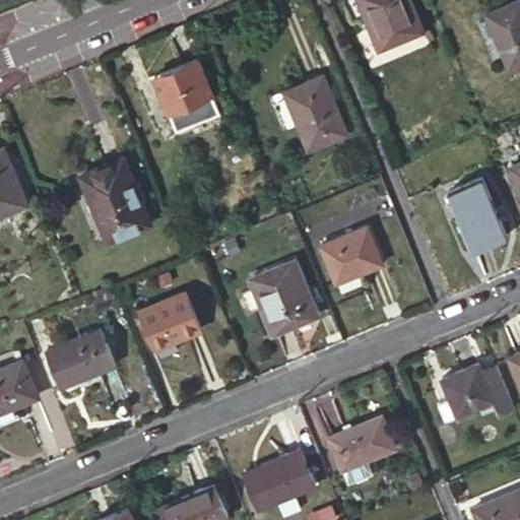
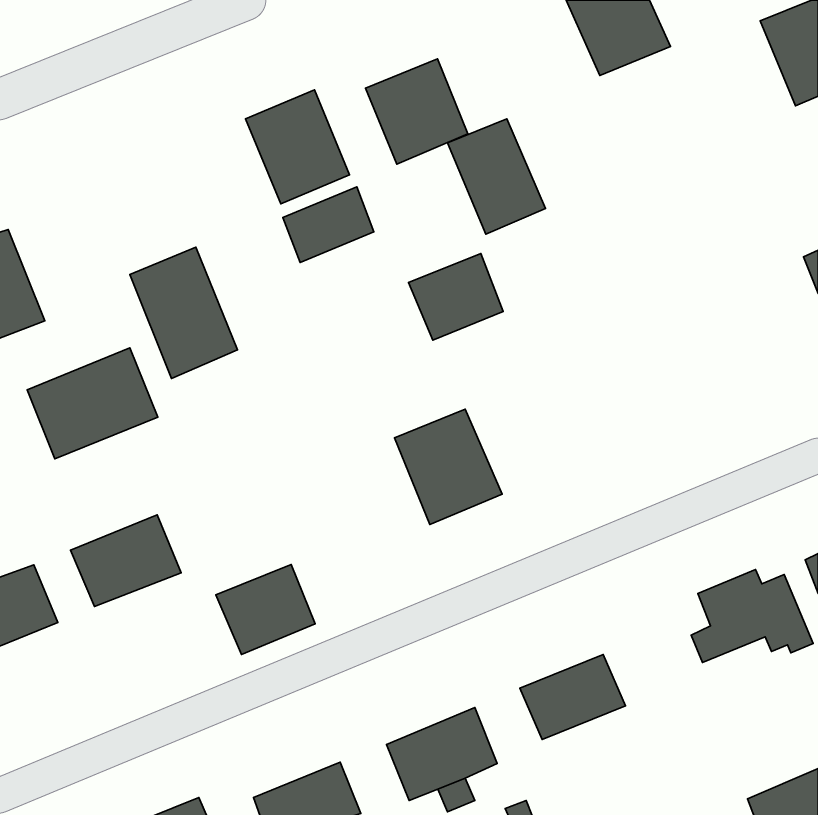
building: none -> [365,59,468,164]
building: none -> [283,187,374,262]
building: [448,179,507,252] -> none
building: none -> [27,348,158,459]
building: [321,229,381,283] -> [409,254,503,340]
building: [138,292,201,349] -> [216,564,315,654]

